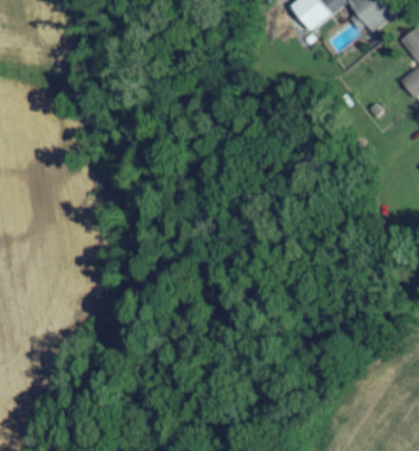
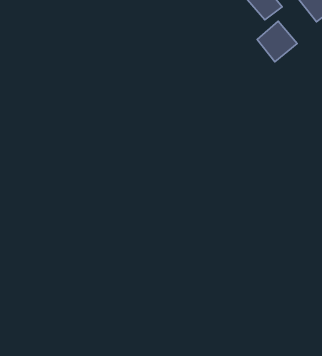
building: none -> [257,21,297,62]

